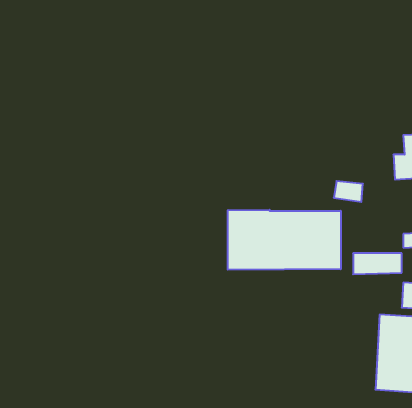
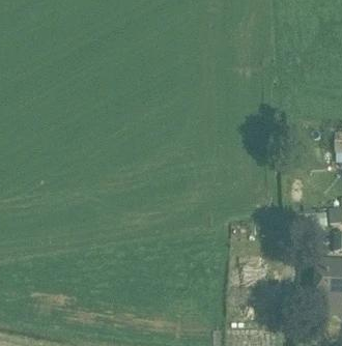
building: [228,210,341,270] -> none

